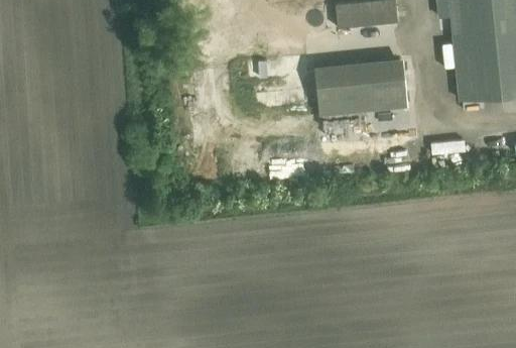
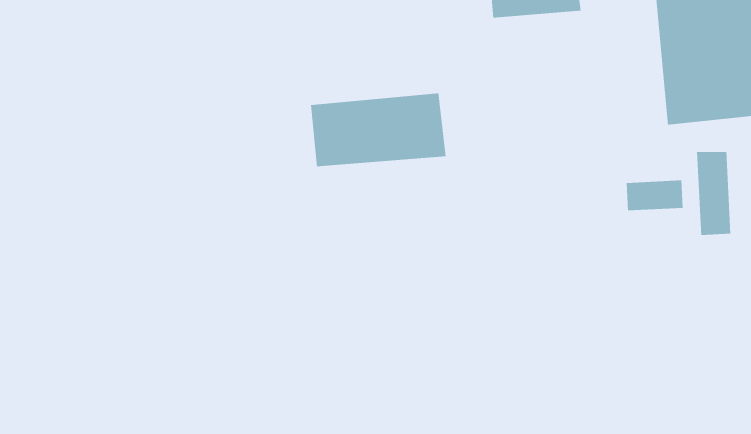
building: [315,64,408,114] -> [310,93,447,167]
building: none -> [696,151,731,236]

